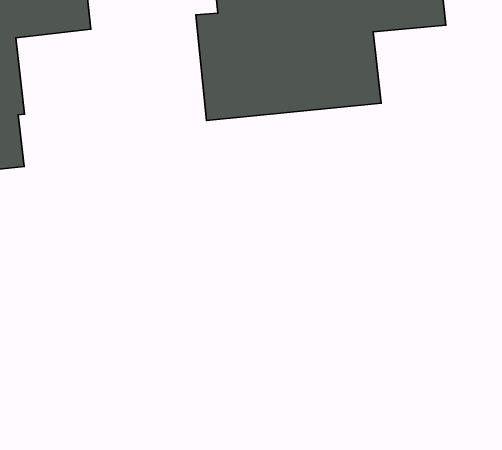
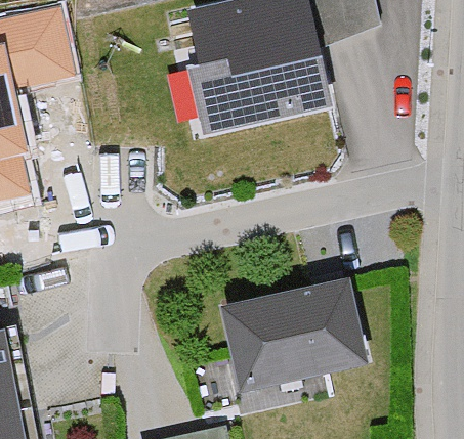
building: none -> [219,283,365,391]

